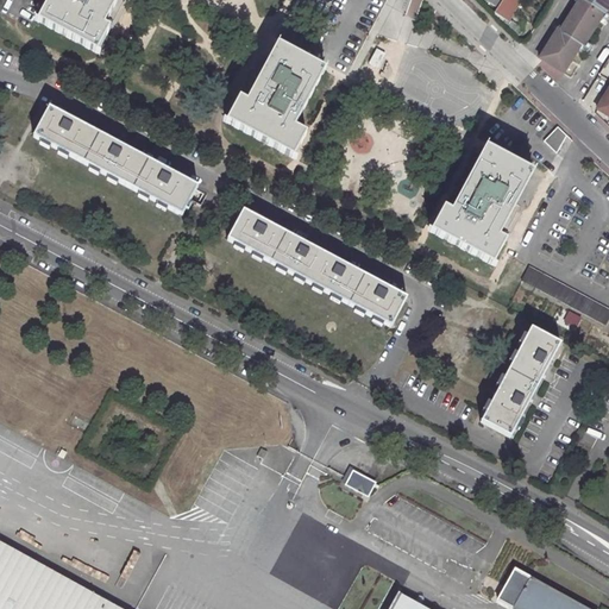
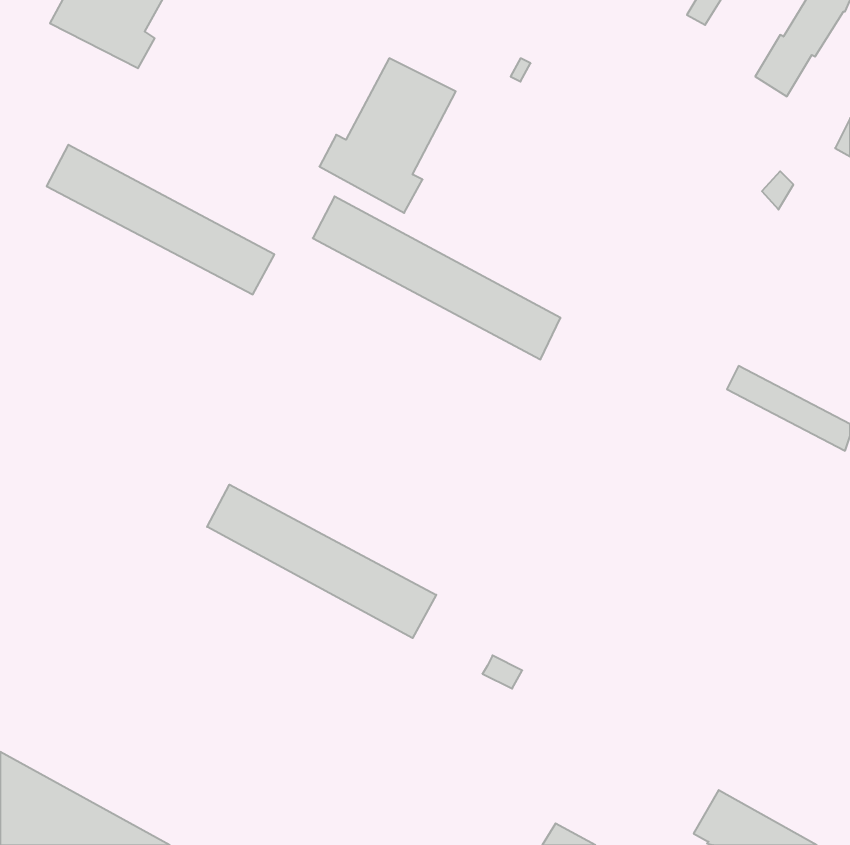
building: [431,143,532,258] -> none
building: [228,207,406,324] -> [313,196,561,359]
building: [482,325,559,434] -> none
building: none -> [207,485,436,638]

